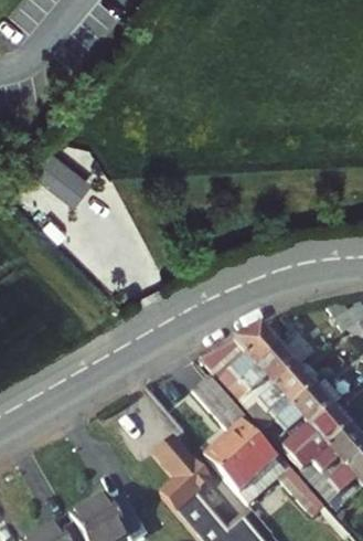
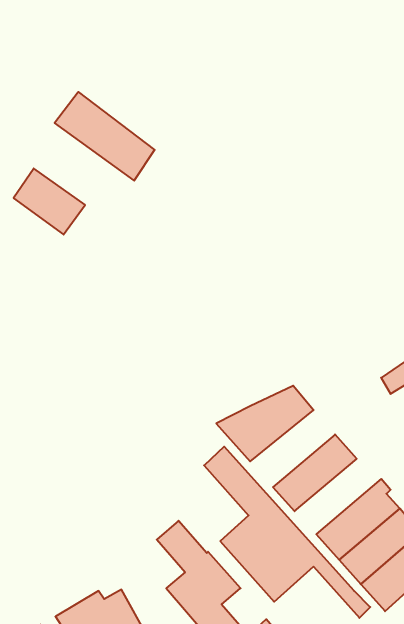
building: none -> [55,92,155,181]
building: [228,346,298,409] -> none
building: [265,378,342,447] -> none

